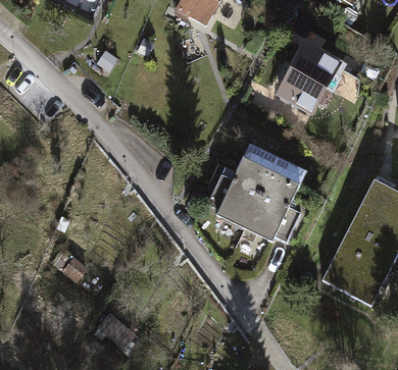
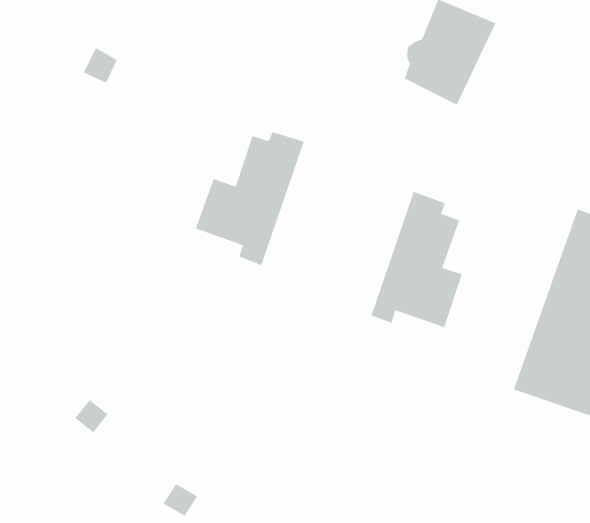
building: [207,150,278,228] -> [195,131,305,266]

